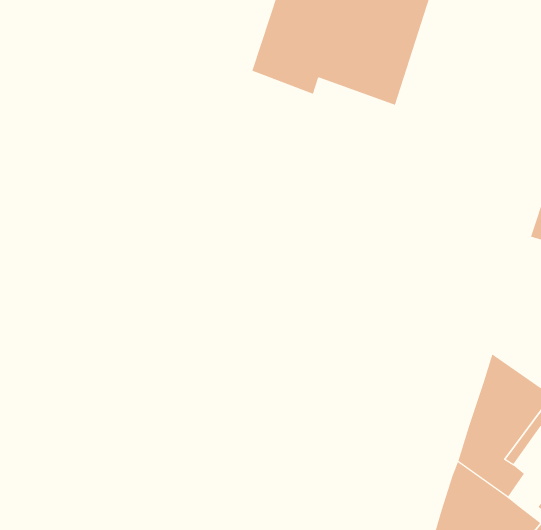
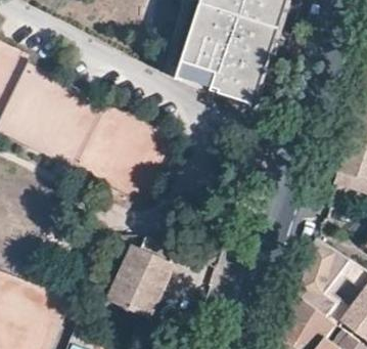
building: none -> [109,239,175,321]

